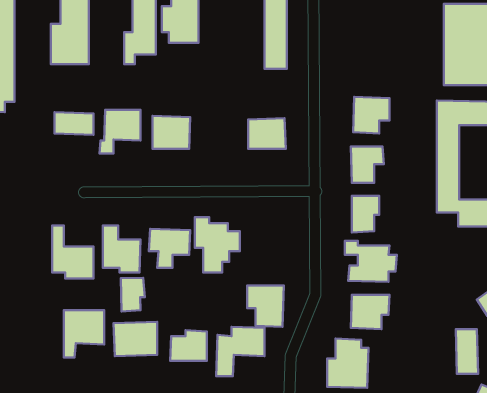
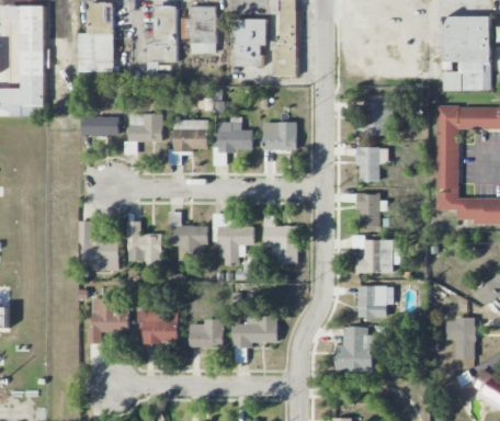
building: none -> [235,19,265,66]
building: none -> [213,117,252,151]
building: [121,278,145,312] -> none
building: [247,286,284,327] -> [263,226,297,264]

